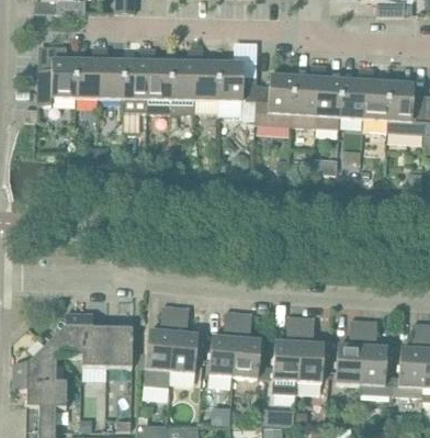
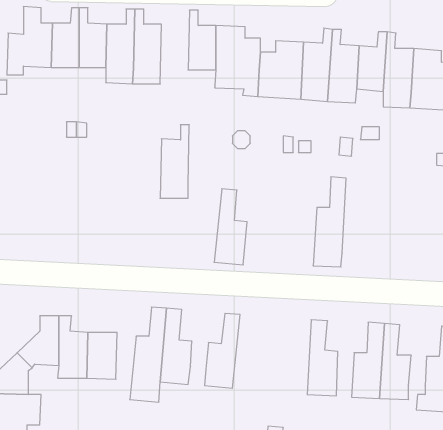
building: [170,48,195,112] -> [160,125,189,198]
building: [233,312,261,378] -> [214,189,247,265]
building: [272,315,301,393] -> [313,177,346,267]

